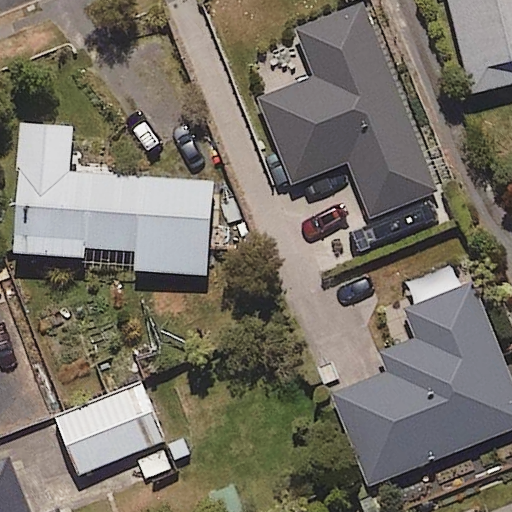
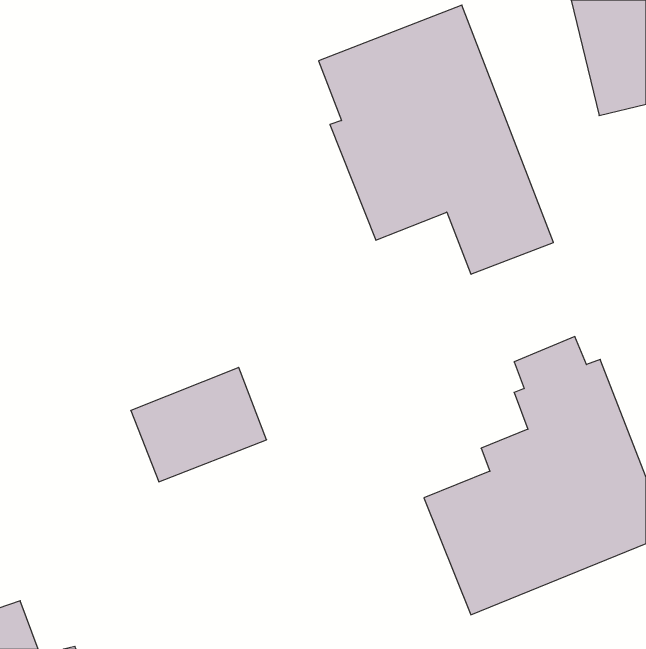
building: [15,122,212,273] -> none
building: [55,382,162,472] -> [131,367,267,482]

